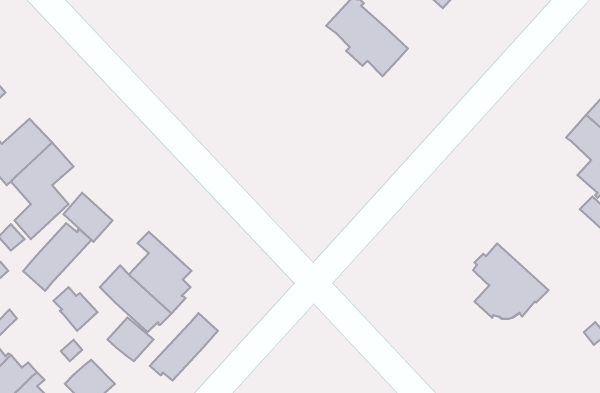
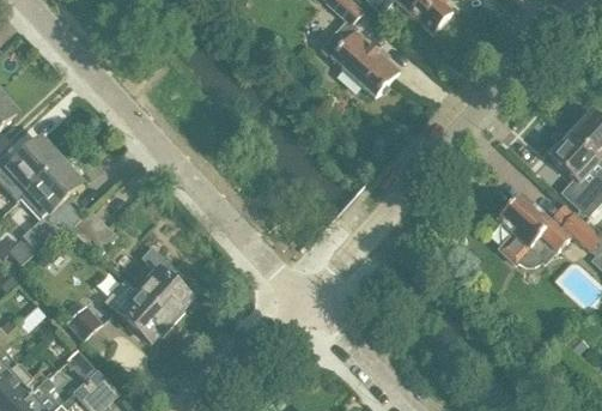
building: [23,223,92,291] -> none
building: [473,244,549,319] -> [498,192,570,264]
building: [150,313,218,380] -> none
building: [107,318,154,361] -> none

